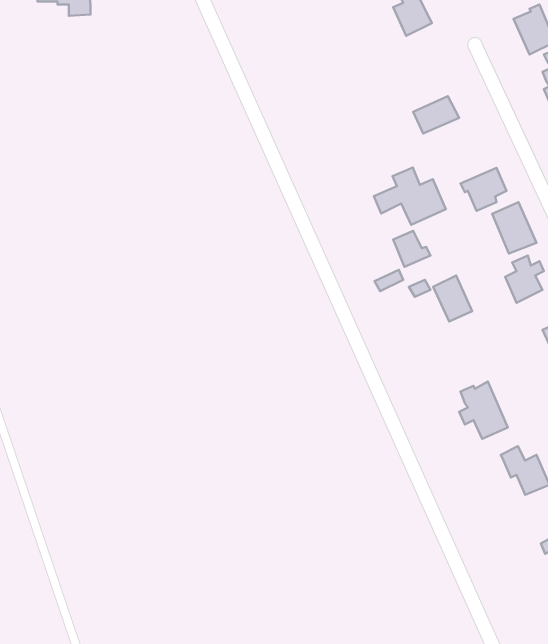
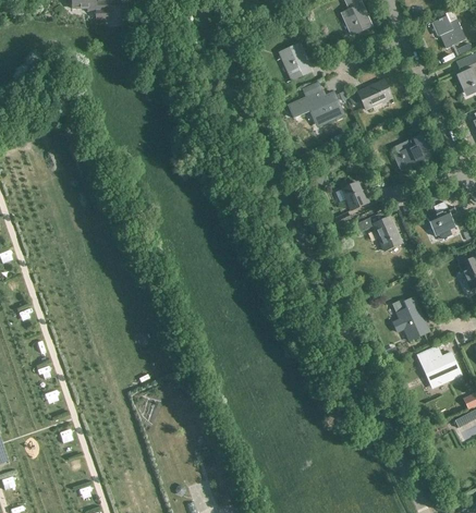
building: none -> [279,44,313,81]
building: [374,168,446,225] -> [289,84,343,127]
building: [492,202,536,254] -> none

